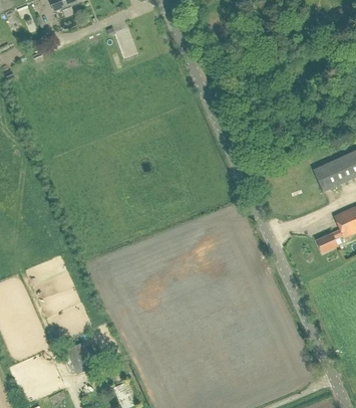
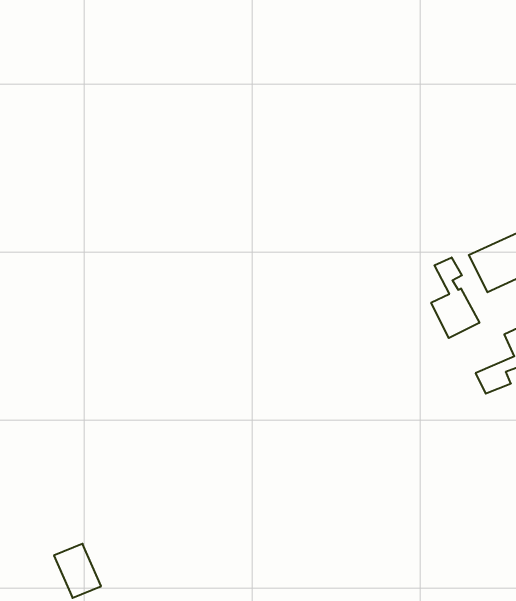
building: none -> [431,257,479,338]

